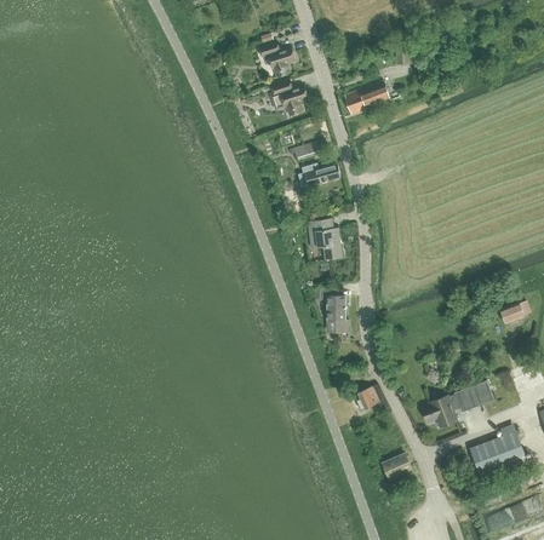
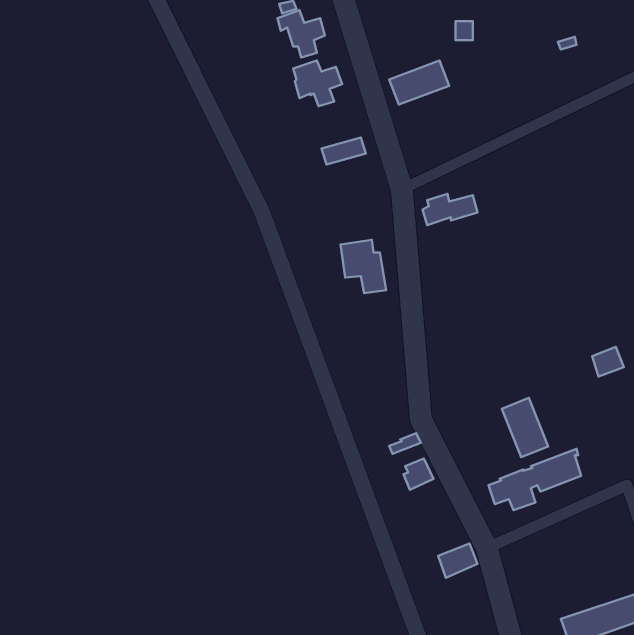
building: [297,162,339,186] -> [422,194,478,225]
building: [319,287,348,332] -> none
building: none -> [502,398,548,457]
building: [469,430,526,476] -> none

